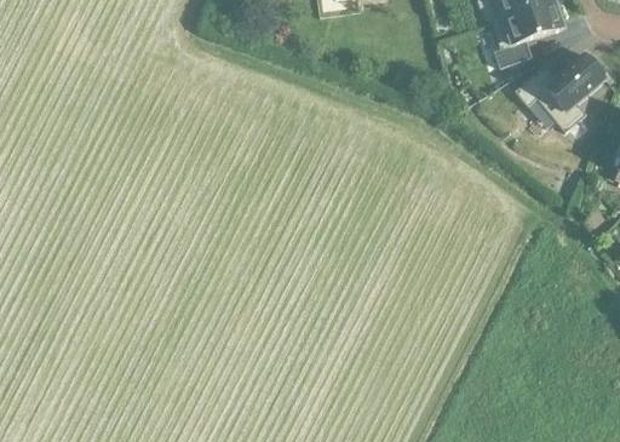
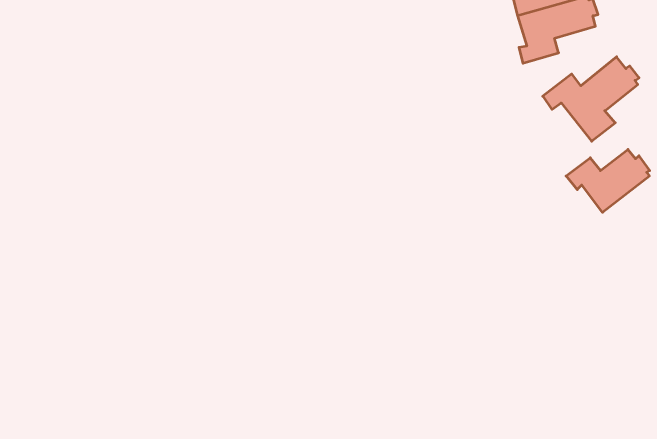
building: none -> [566,149,650,212]

